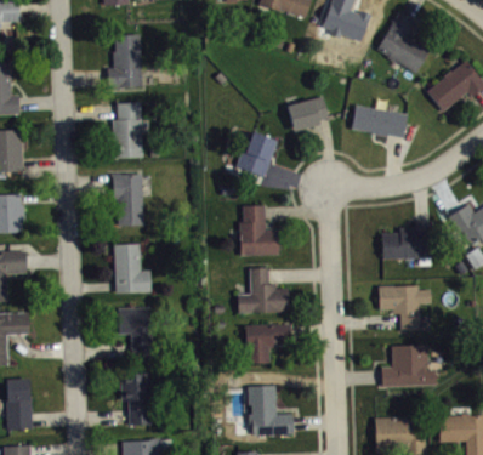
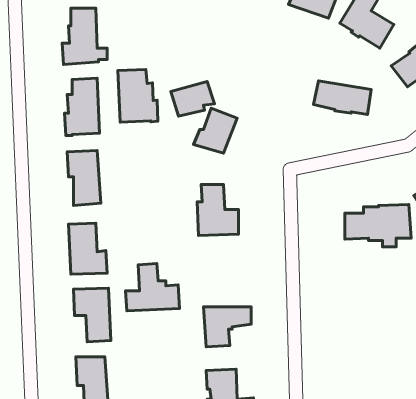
building: none -> [118,69,158,122]
building: [286,97,329,131] -> [171,81,215,116]
building: [237,268,289,314] -> [126,263,179,311]
building: [379,286,431,331] -> none
building: [381,345,436,386] -> none

